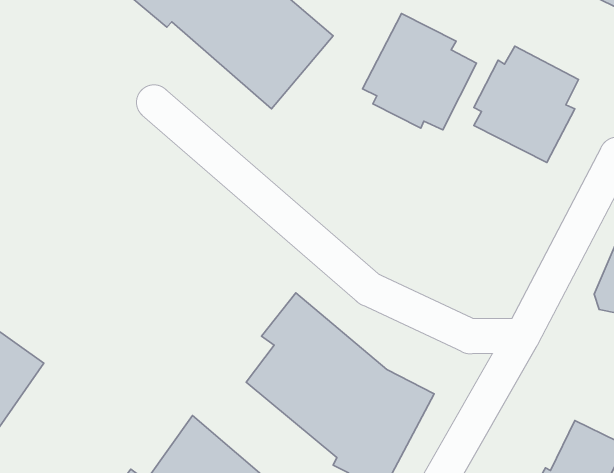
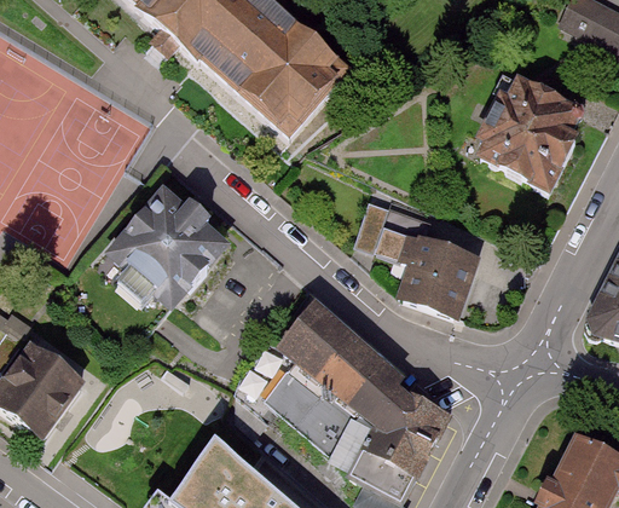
building: [362,14,477,130] -> none
building: none -> [104,186,224,306]
building: none -> [358,198,476,311]

